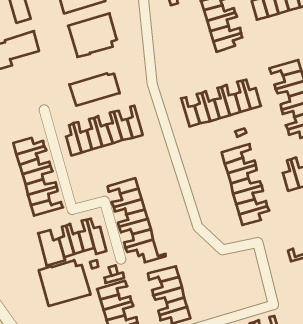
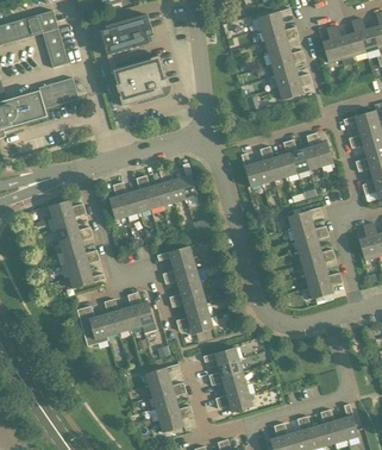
building: [69,73,120,106] -> none
building: [39,260,90,306] -> none

